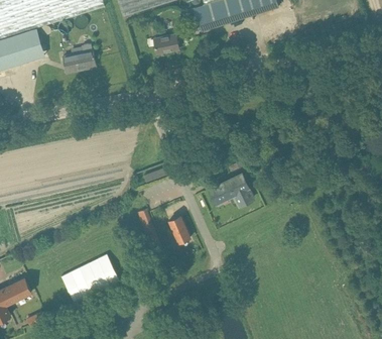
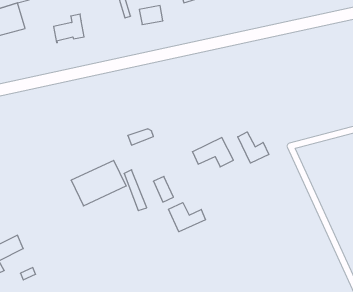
building: none -> [238,132,269,163]
building: none -> [169,203,206,232]
building: [60,253,119,302] -> [71,160,126,206]

